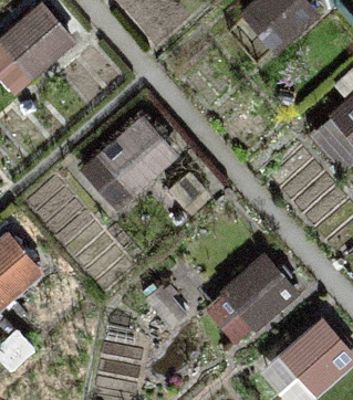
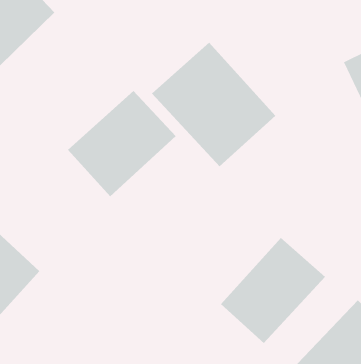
building: none -> [151,42,276,167]

